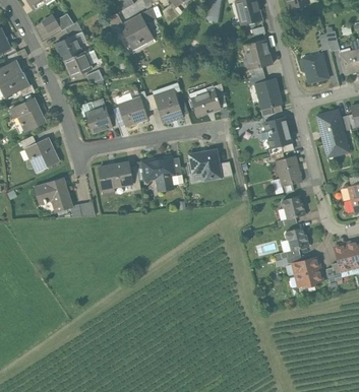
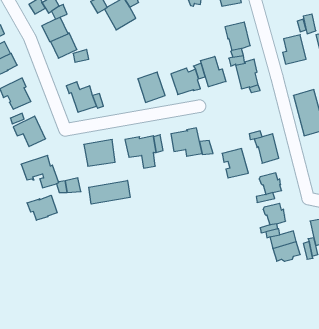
building: none -> [201,56,226,87]
building: [118,96,147,127] -> none
building: [264,117,292,147] -> [222,149,248,178]
building: none -> [89,180,130,204]
building: none -> [27,195,57,220]

